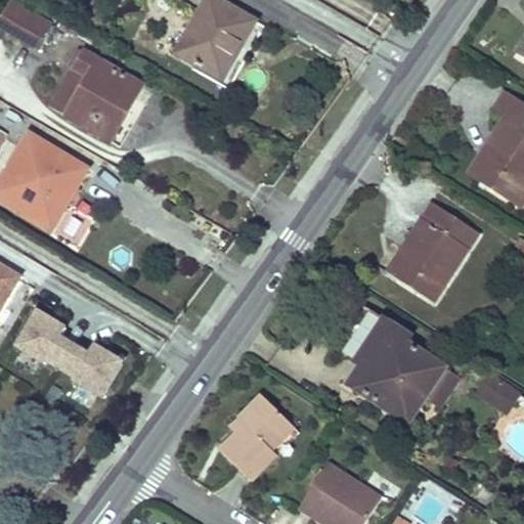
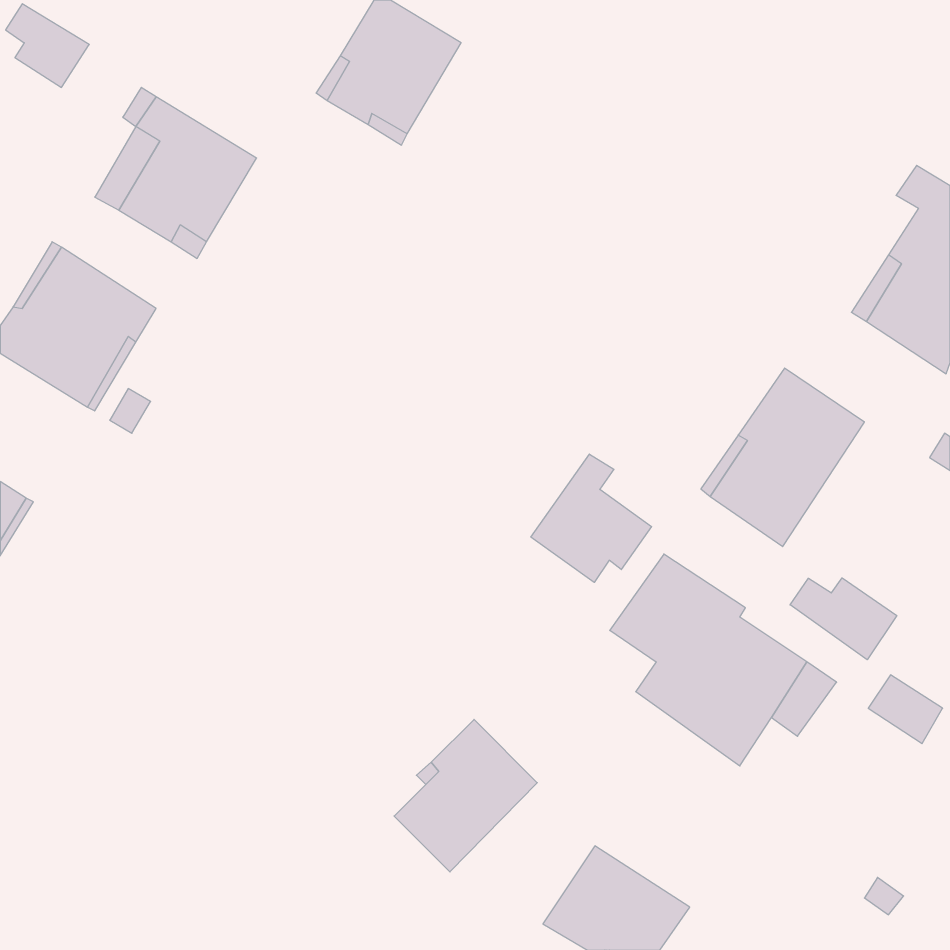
building: none -> [531,454,652,582]
building: [14,303,125,395] -> none
building: none -> [790,578,897,660]

